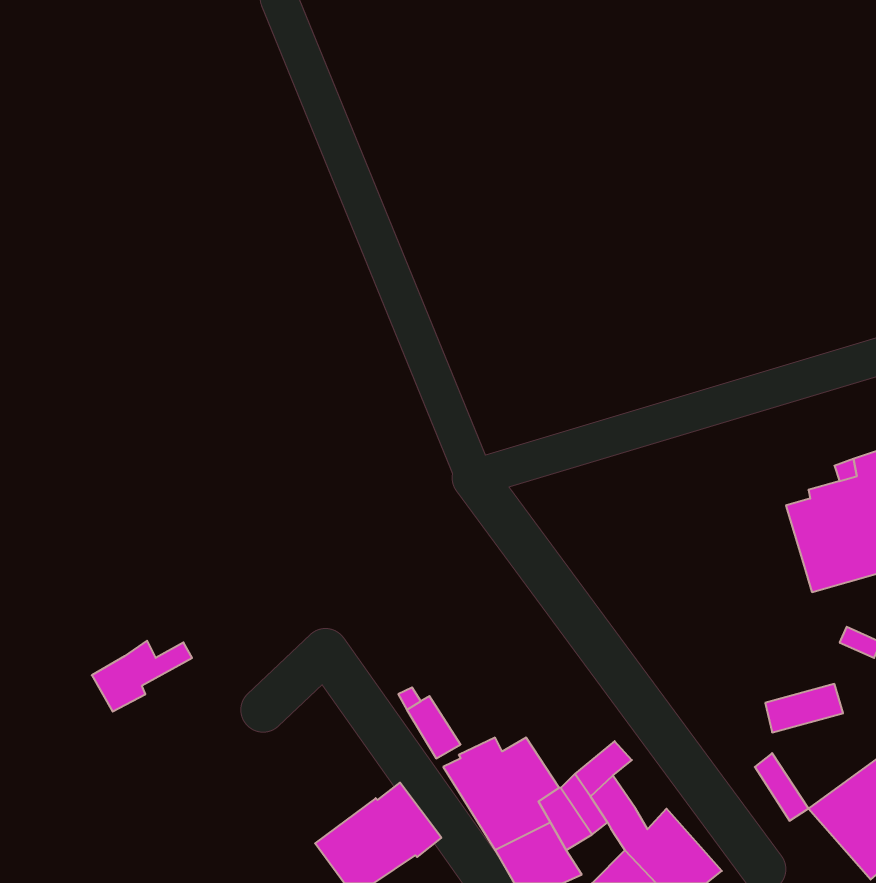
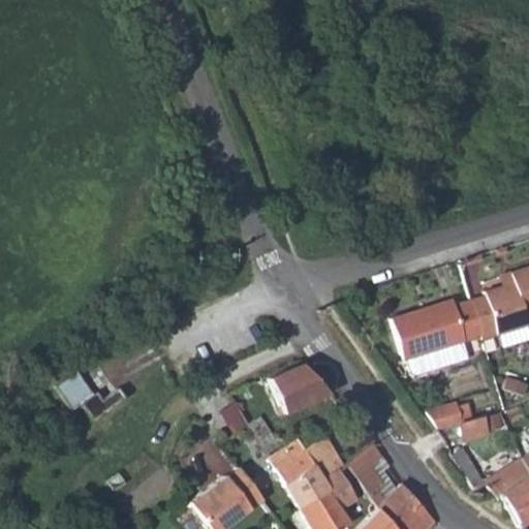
building: none -> [392,300,485,376]
building: none -> [272,357,328,406]
building: none -> [422,397,462,430]

